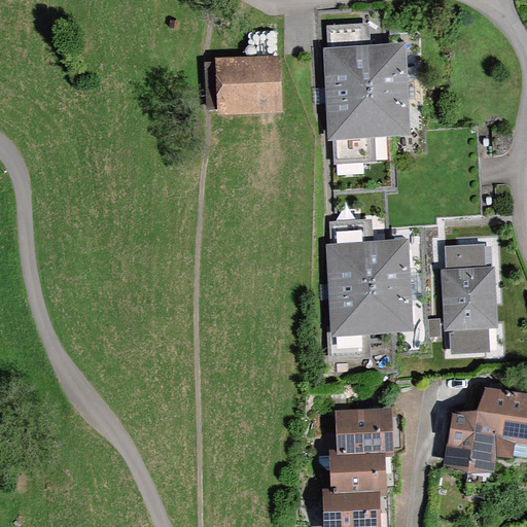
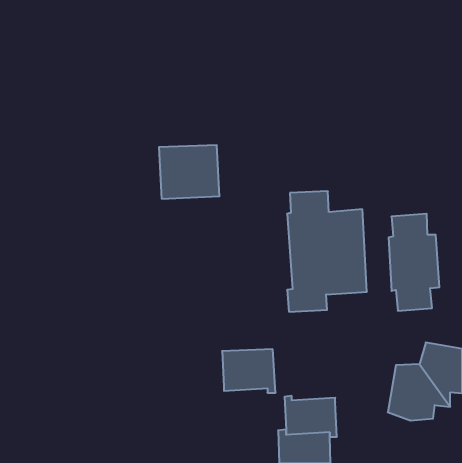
building: [323,23,414,140] -> none
building: [215,55,284,115] -> [159,145,220,199]
building: [329,408,390,457] -> [222,349,276,393]

